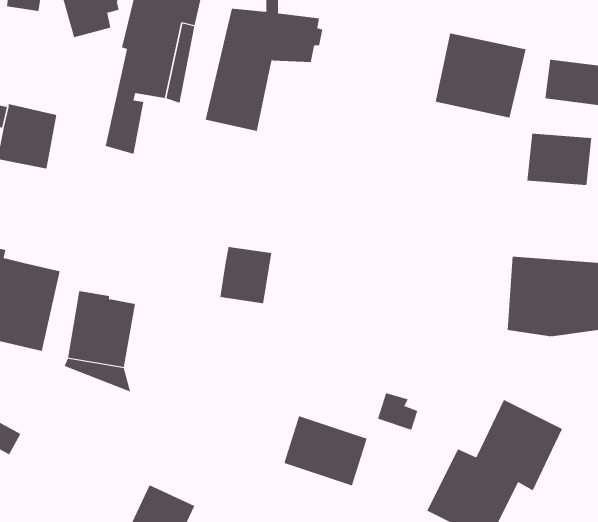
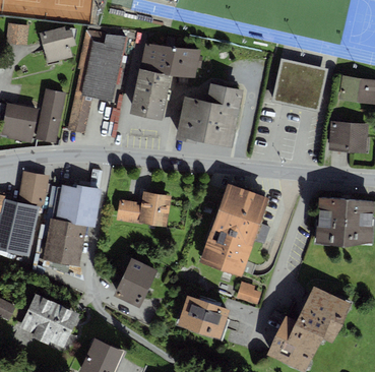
building: none -> [175,82,245,148]
building: none -> [35,88,66,143]
building: none -> [52,169,102,229]
building: none -> [17,171,49,206]
building: none -> [201,176,268,269]
building: none -> [116,199,141,224]
building: none -> [113,257,158,308]
building: none -> [18,294,79,348]

